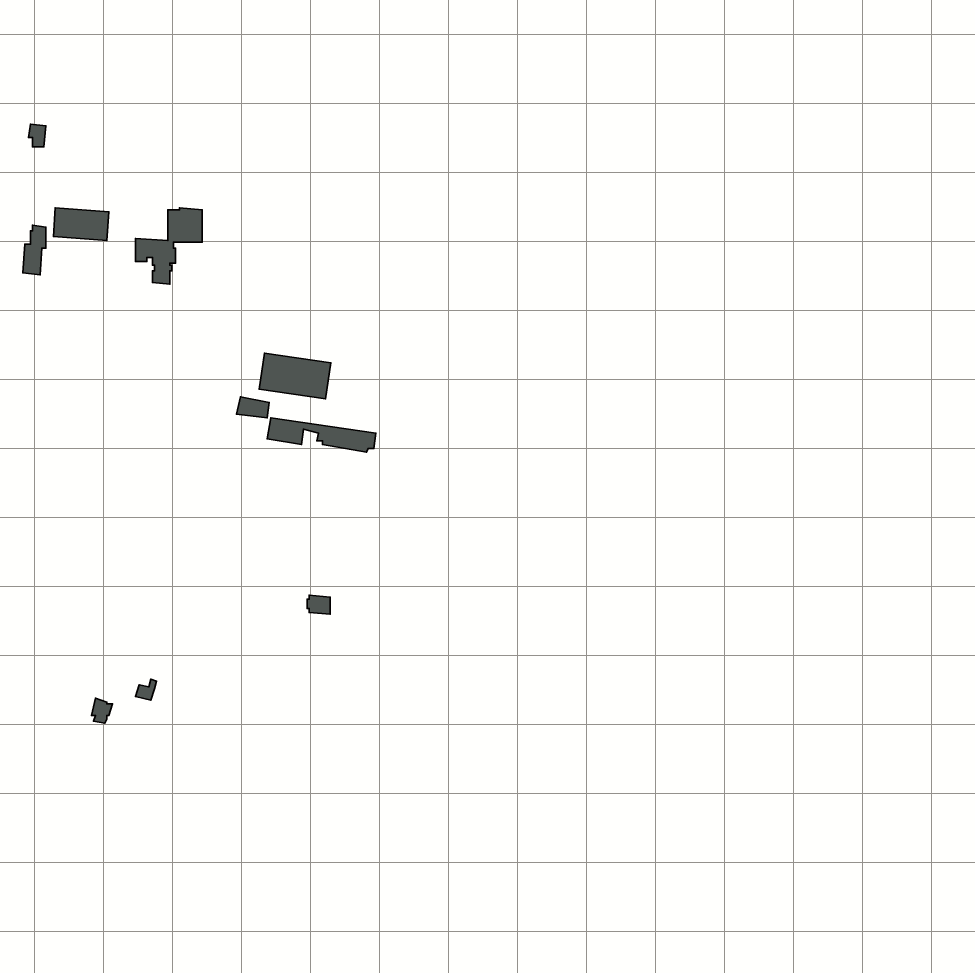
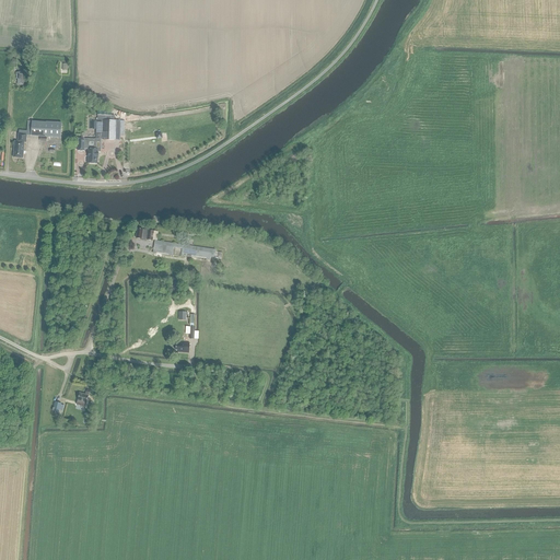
building: [259,353,331,399] -> none

